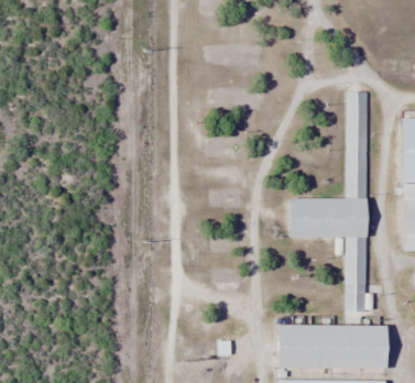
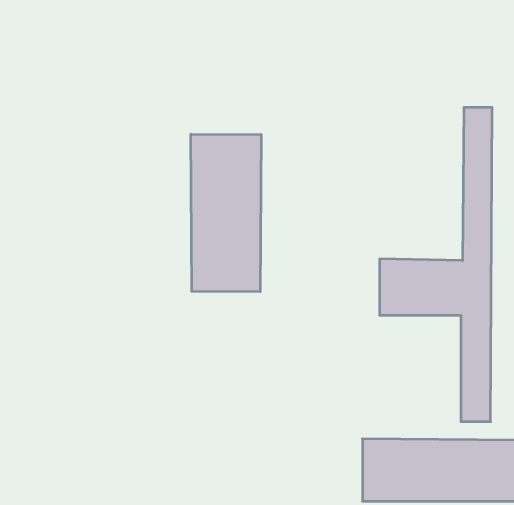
building: none -> [191,134,261,292]

